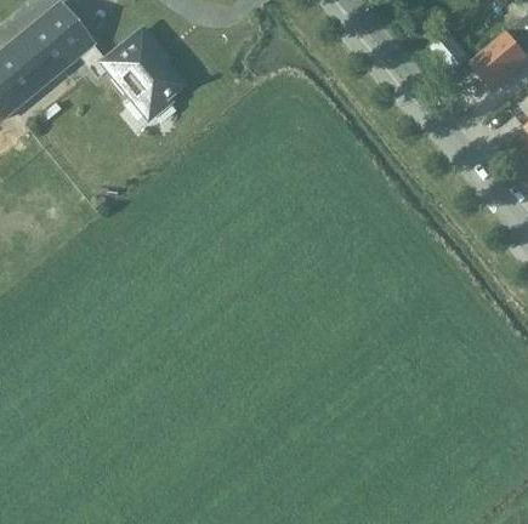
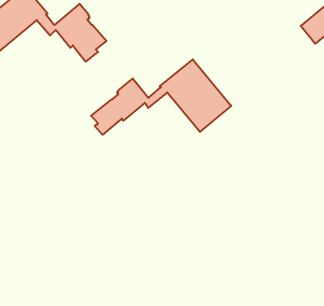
building: none -> [91,59,231,135]

